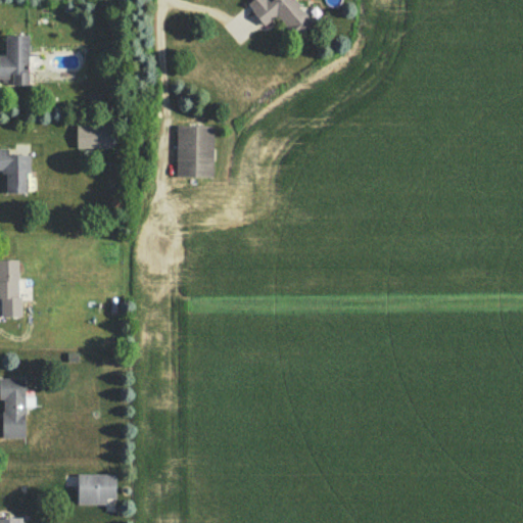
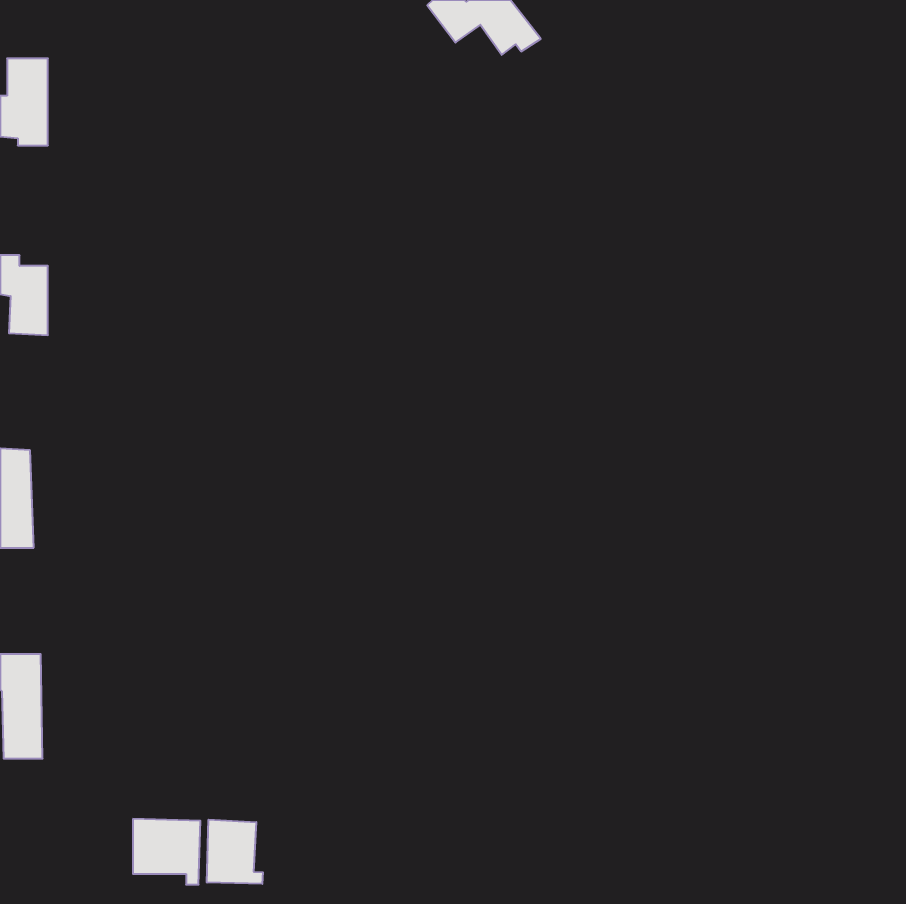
building: [76,125,112,148] -> none
building: [175,125,213,178] -> none
building: none -> [207,820,263,884]

